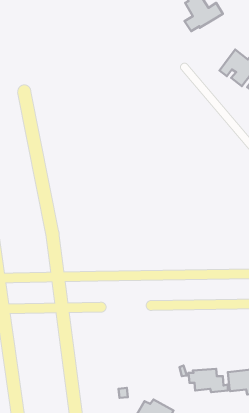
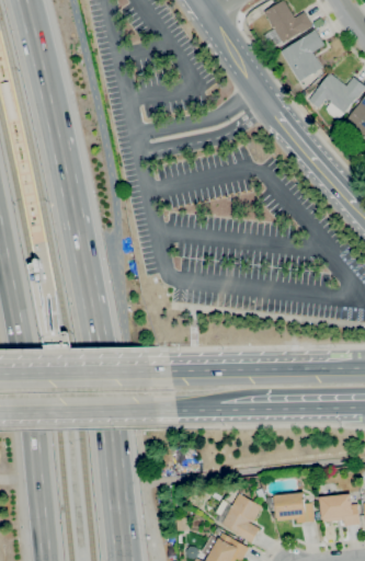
building: none -> [281,30,326,83]
building: none -> [215,494,262,543]

